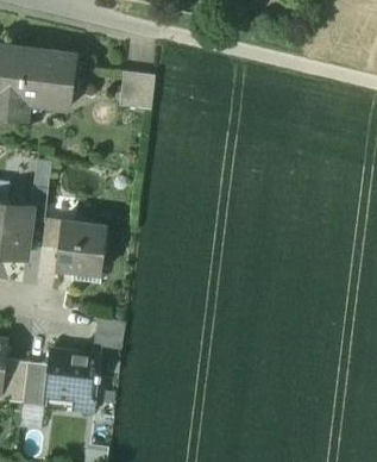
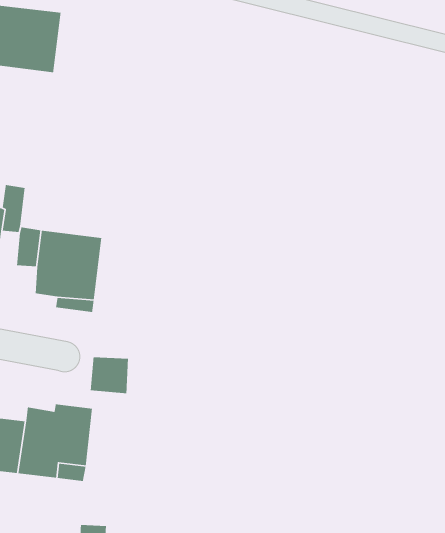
building: [119,74,153,110] -> none

